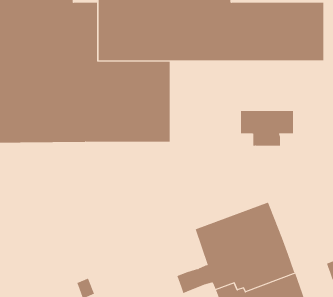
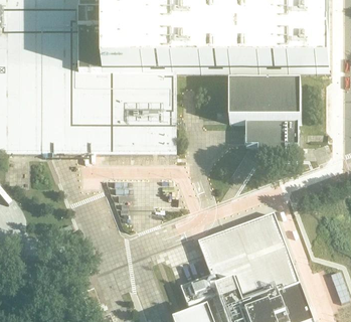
building: none -> [227,83,300,121]

